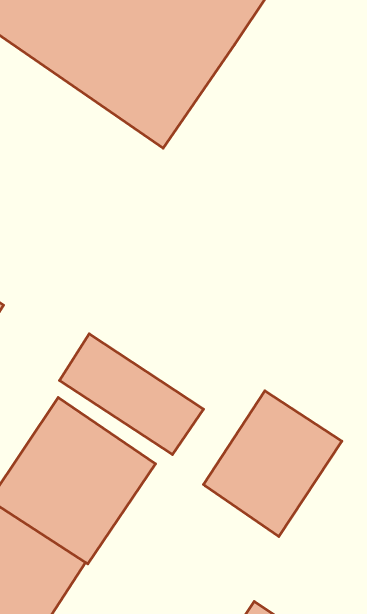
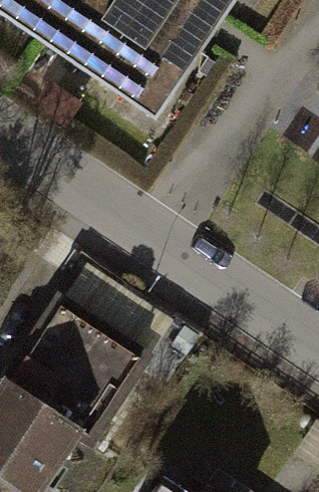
building: [203,391,342,537] -> none

